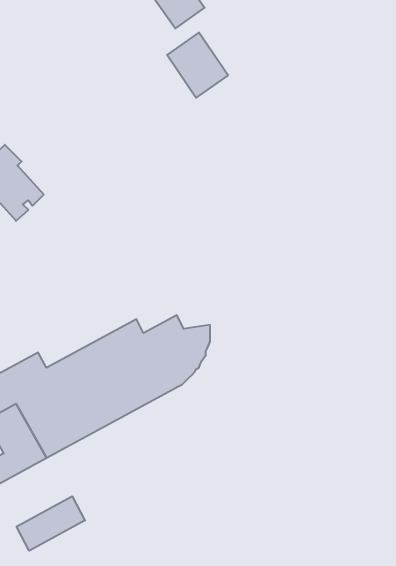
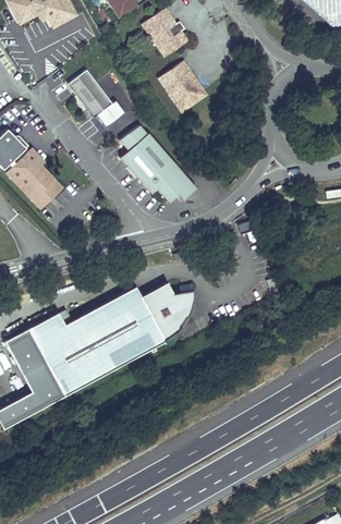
building: none -> [68,70,125,129]
building: none -> [120,125,196,203]
building: [17,496,85,551] -> none

